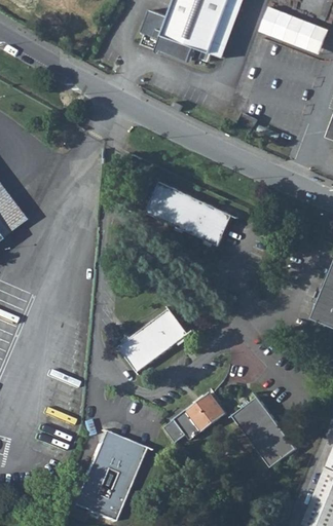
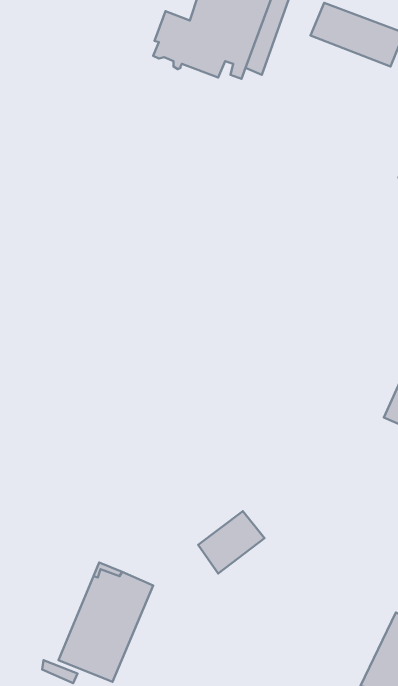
building: [148,183,235,248] -> none
building: [117,306,188,371] -> none
building: [232,394,297,465] -> none
building: [163,417,191,448] -> none

